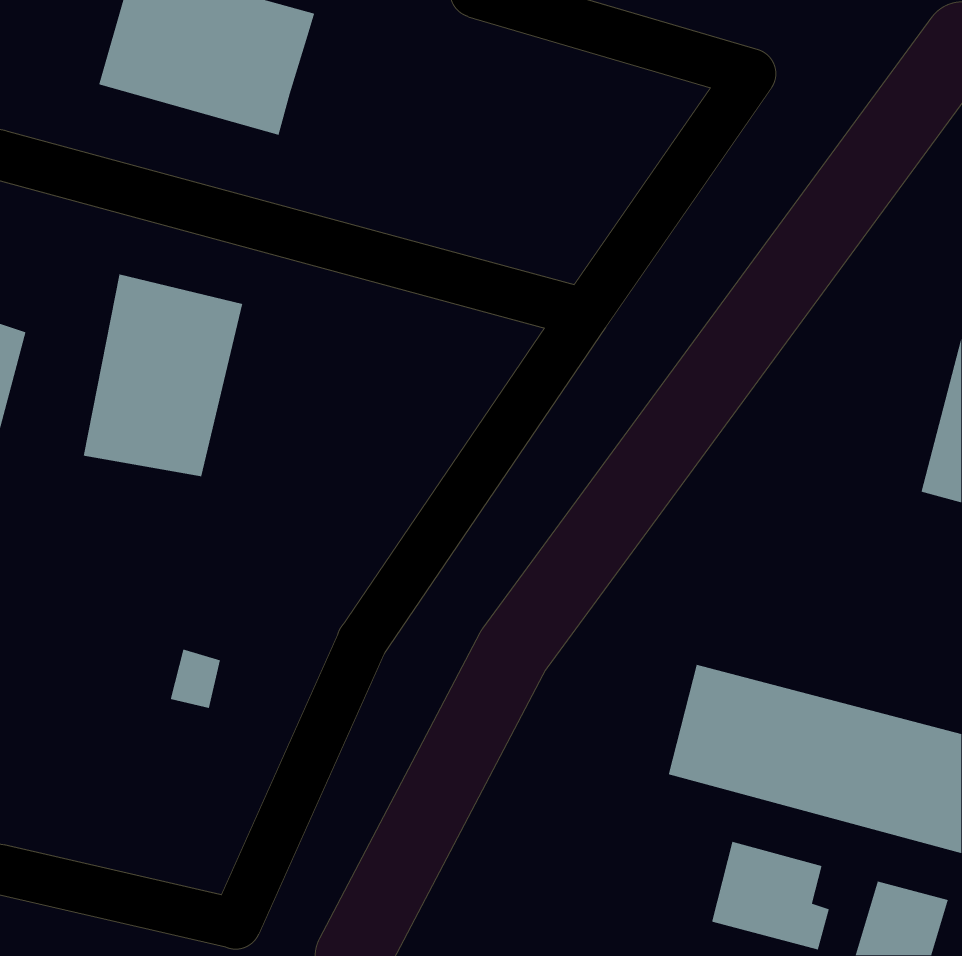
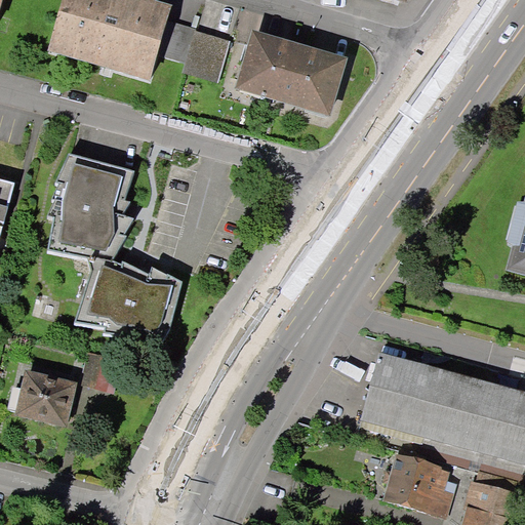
building: none -> [158,17,230,78]
building: none -> [242,34,346,110]
building: none -> [70,262,180,347]
building: none -> [9,372,74,421]

